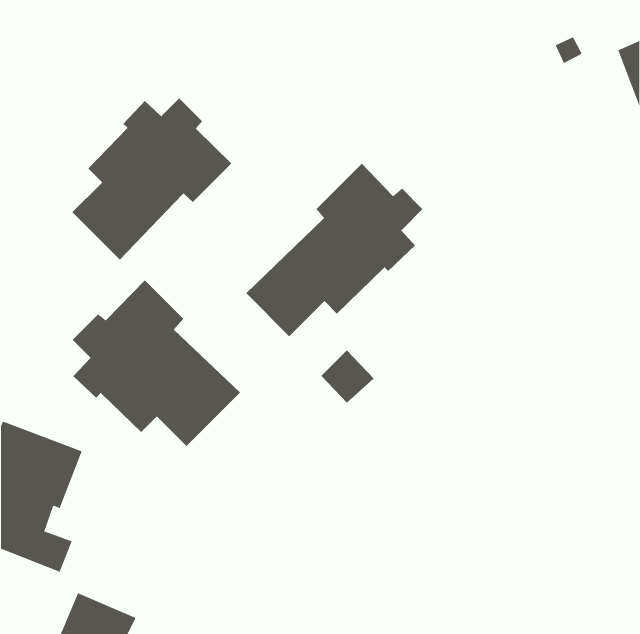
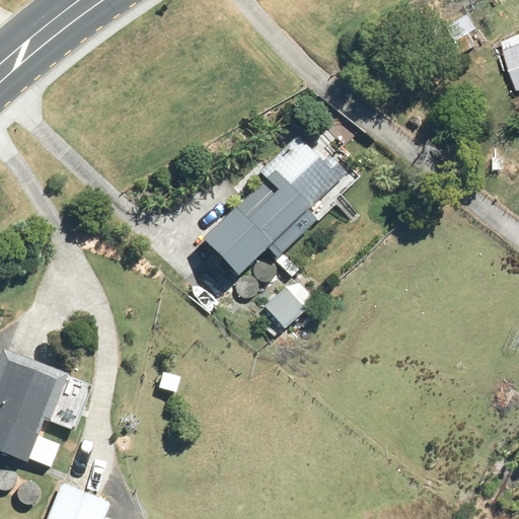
building: [72,98,232,261] -> none
building: [72,279,241,447] -> none

